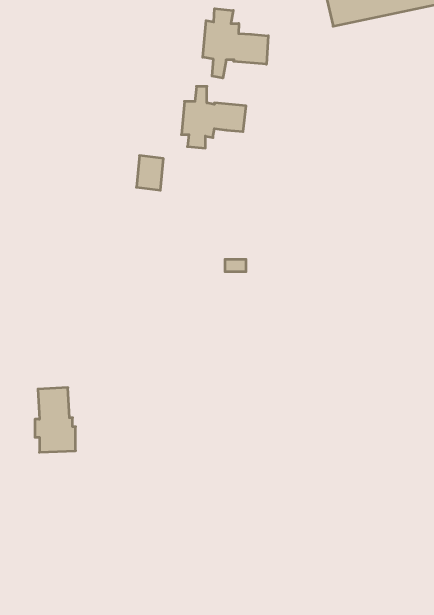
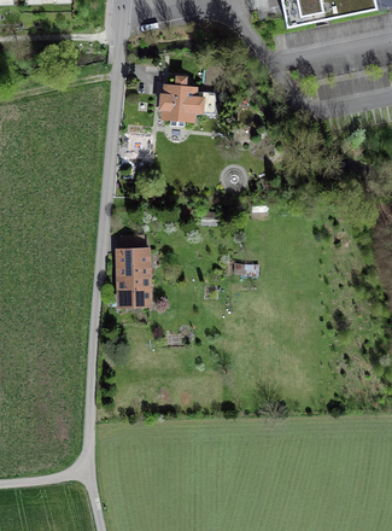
building: [203,9,268,78] -> none
building: [35,388,76,452] -> [123,247,156,299]

